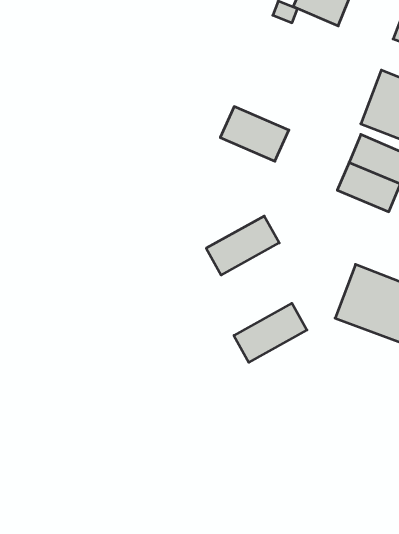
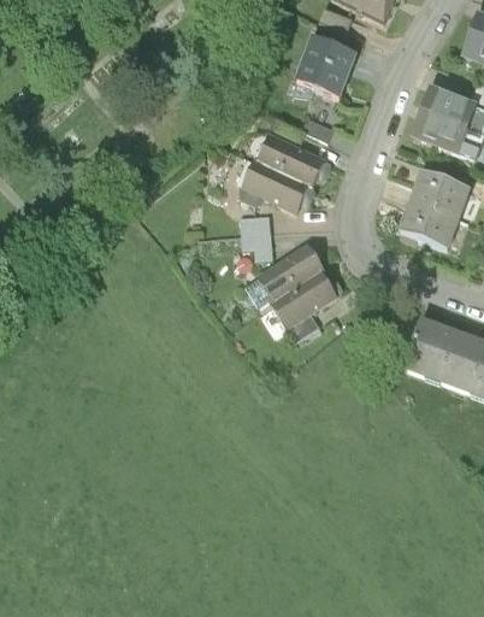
building: none -> [299,40,368,111]
building: none -> [243,159,320,221]
building: none -> [240,216,273,263]
building: [234,303,307,362] -> [260,277,342,343]

